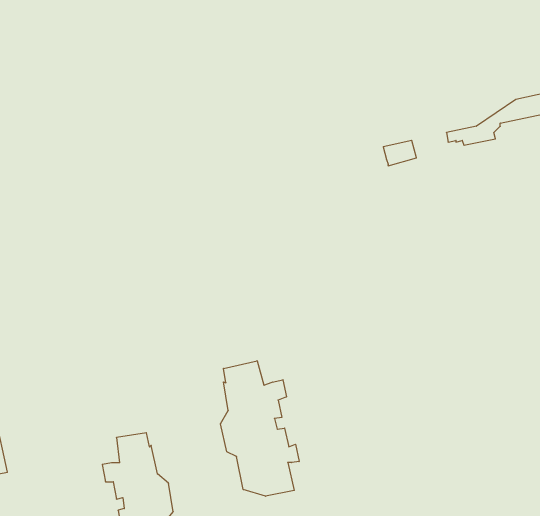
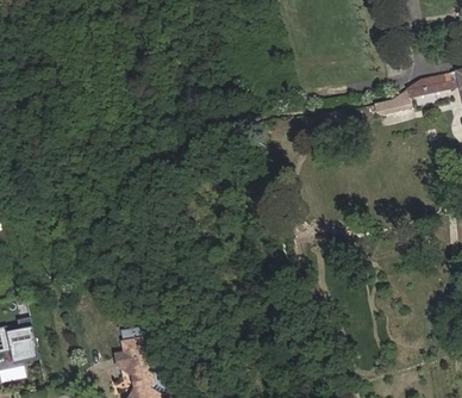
building: [220,361,299,496] -> none

